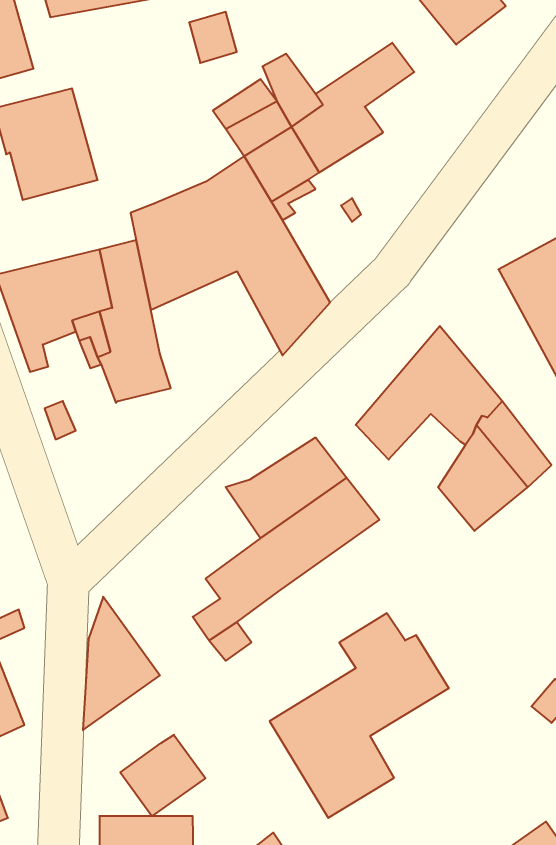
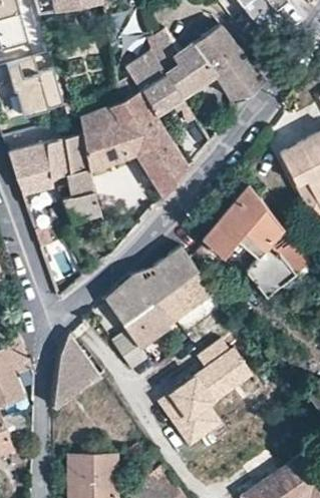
building: none -> [209,44,265,104]
building: none -> [104,272,151,322]
building: [120,735,205,816] -> none

